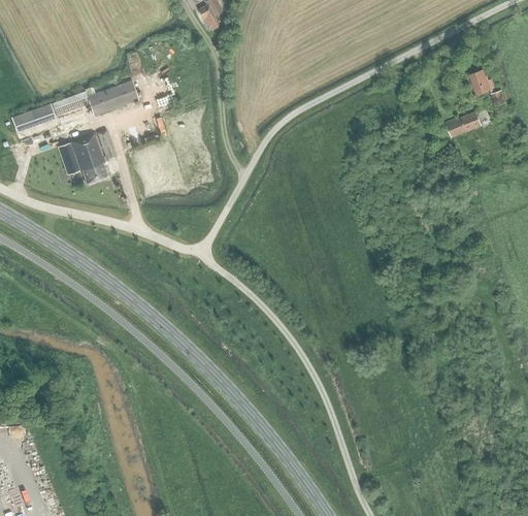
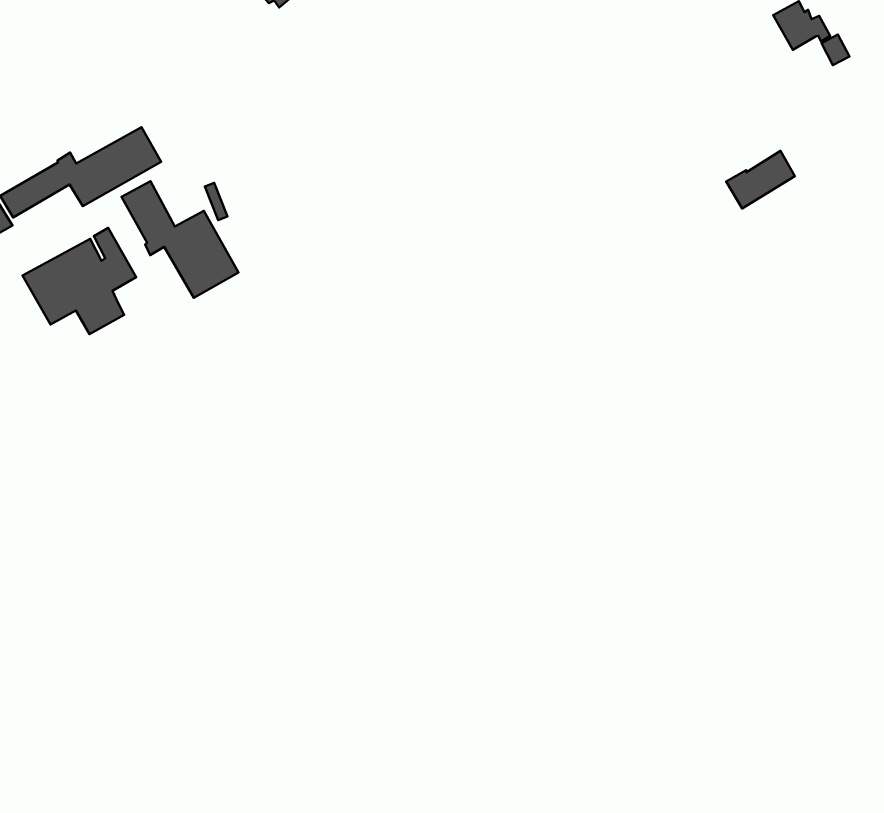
building: none -> [121,181,239,298]
building: [444,110,481,137] -> [726,151,795,209]

